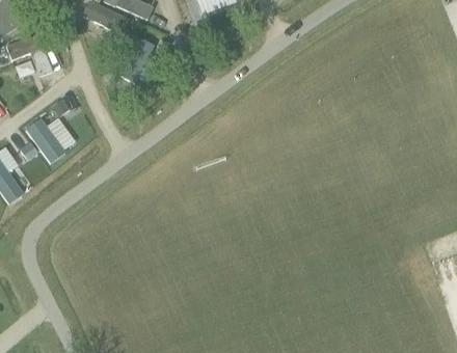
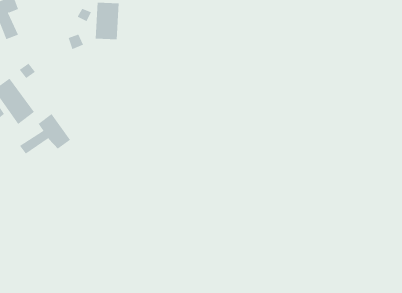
building: none -> [19,113,71,155]

